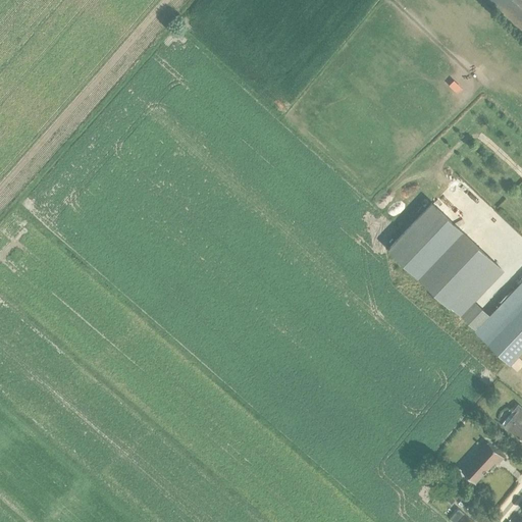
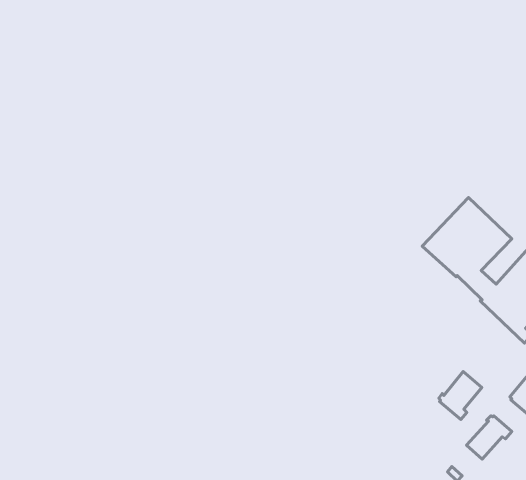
building: [388,204,463,279] -> none
building: none -> [439,371,482,419]

